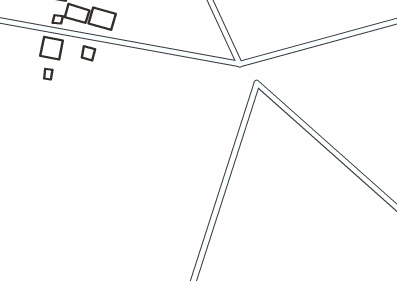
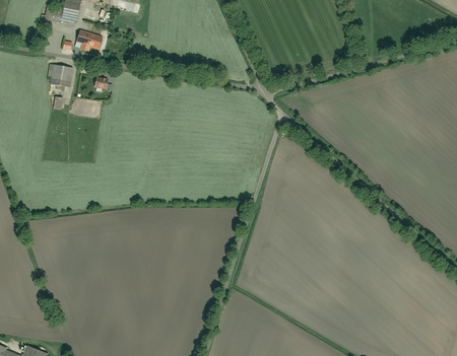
building: [89,7,116,30] -> none

